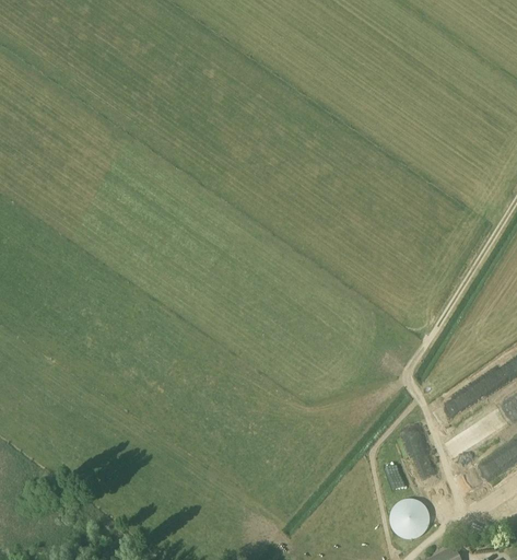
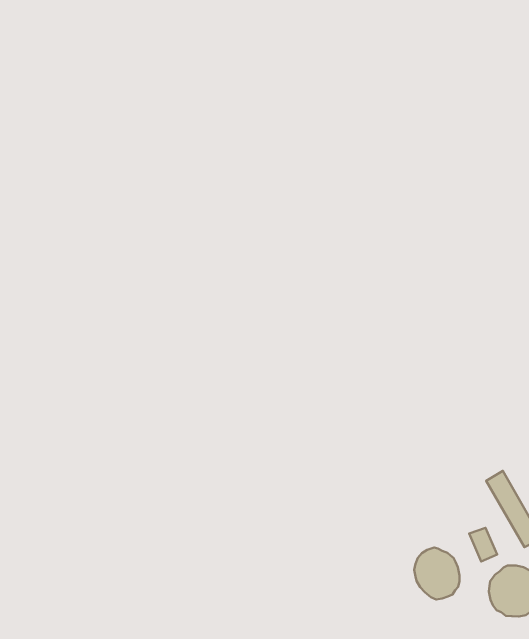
building: none -> [414,548,459,599]

